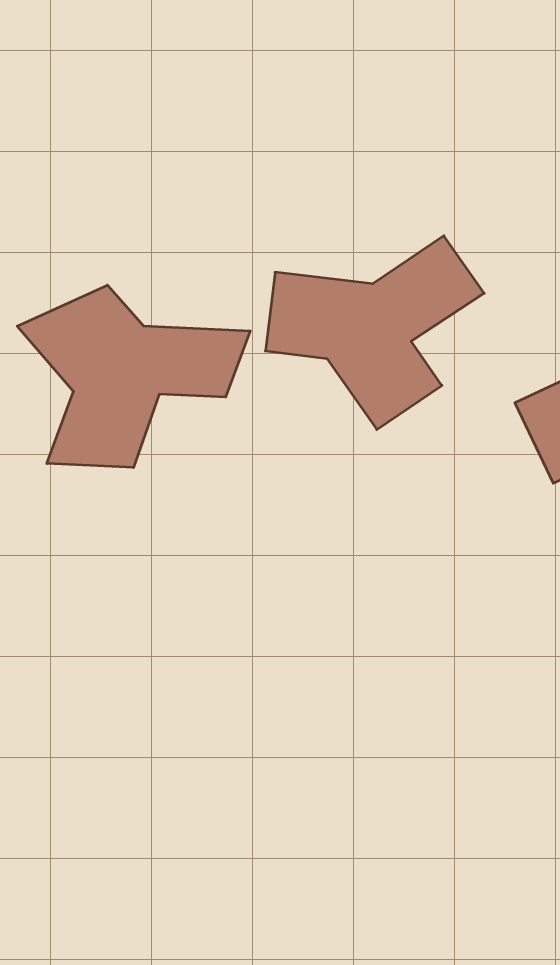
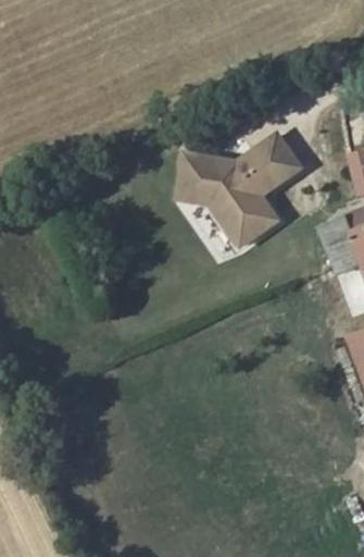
building: [17,285,250,468] -> none

